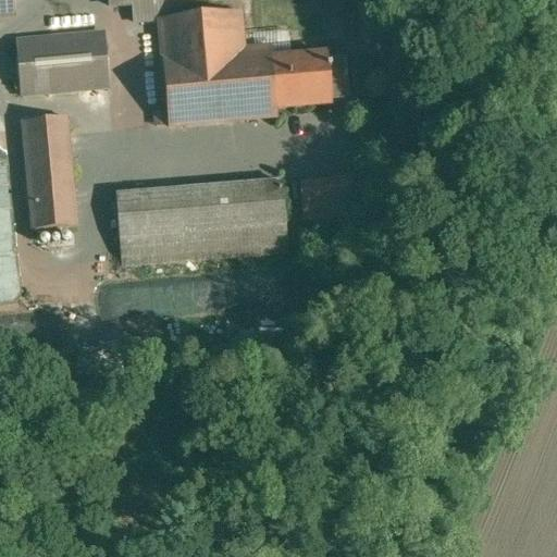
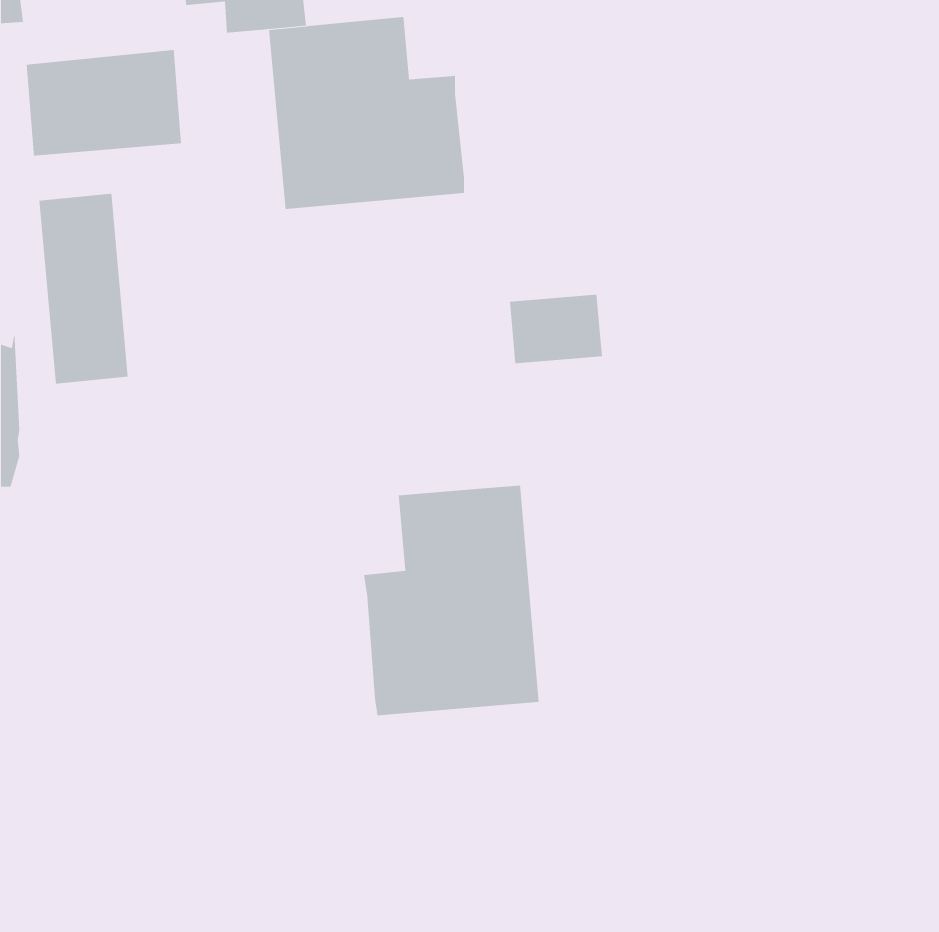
building: [270,51,330,106] -> none
building: [116,177,287,262] -> none
building: none -> [364,485,539,716]

